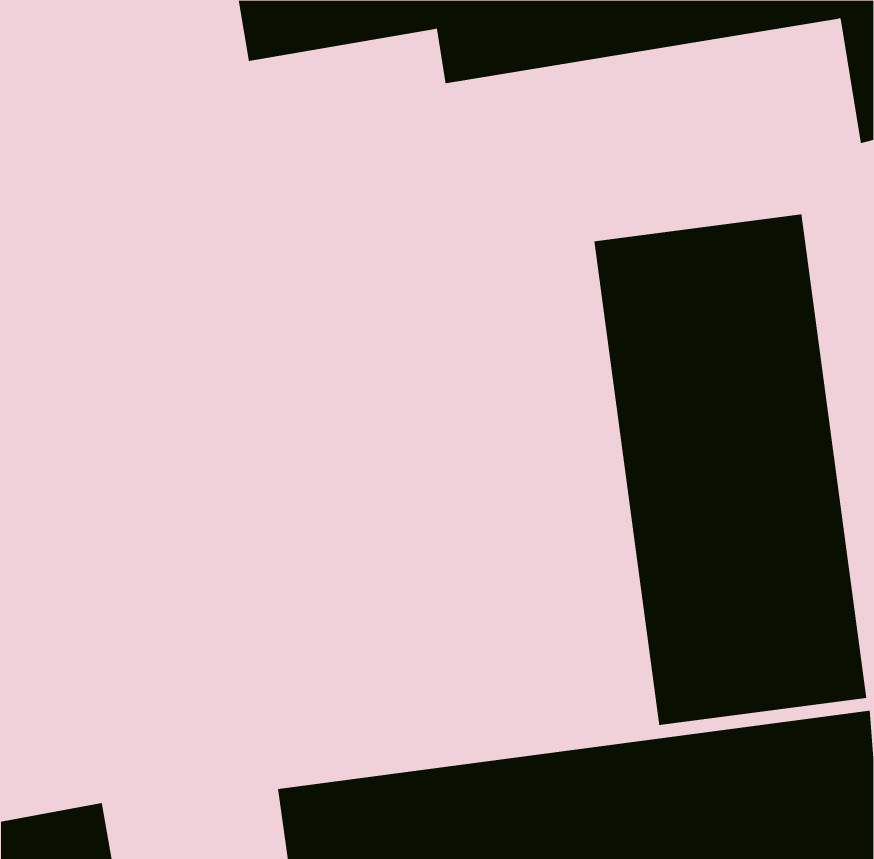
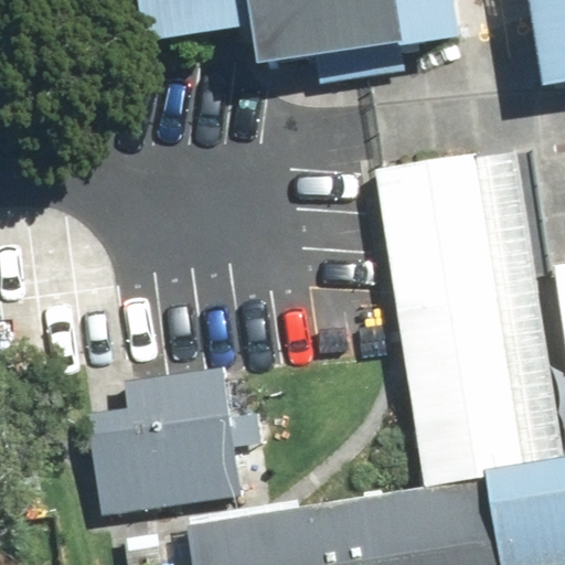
building: none -> [81,379,241,509]

